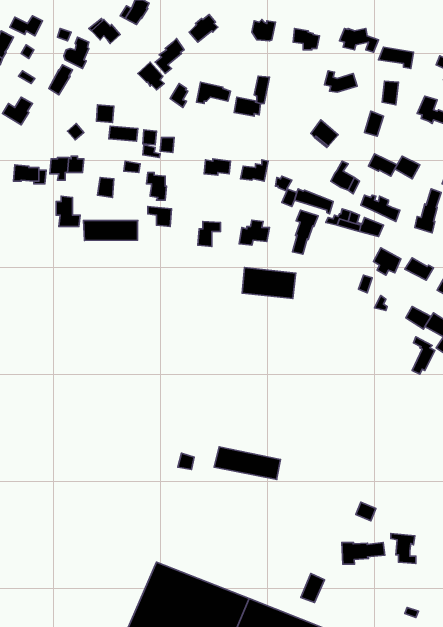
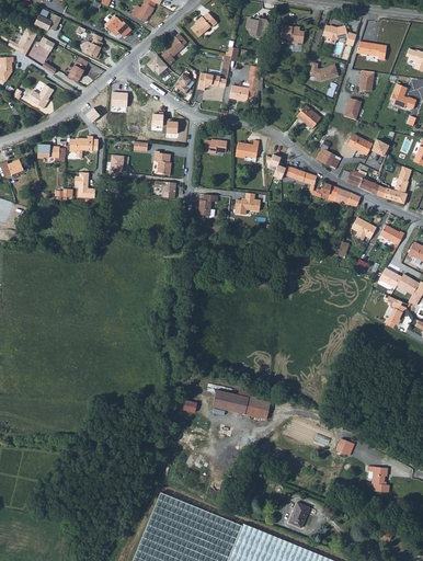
building: [292,210,318,254] -> none
building: [84,220,138,240] -> none
building: [242,268,296,299] -> none
building: [342,542,385,564] -> none

